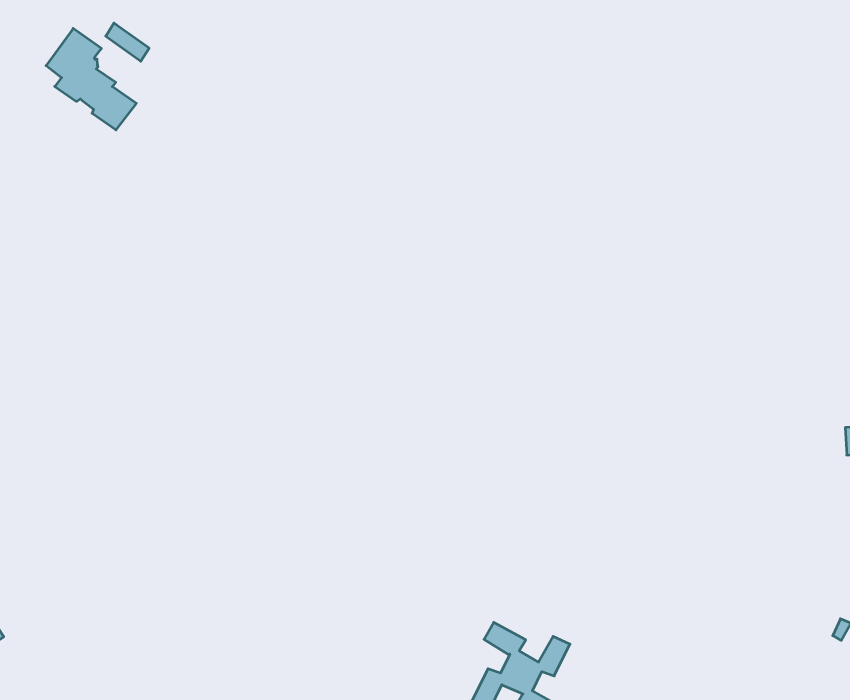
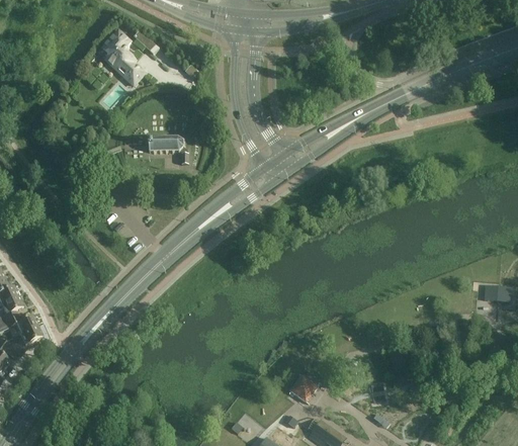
building: none -> [147,135,187,162]

